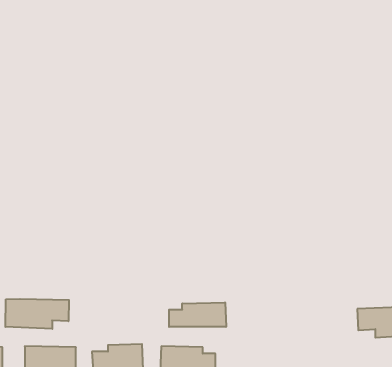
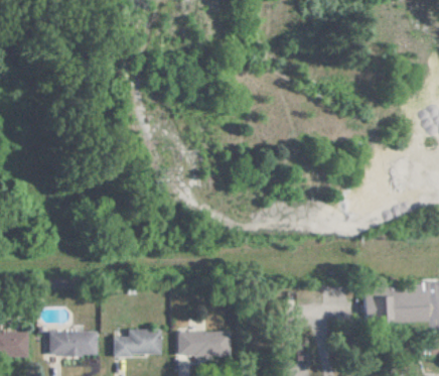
building: [5,299,69,329] -> none
building: [169,302,226,327] -> none

